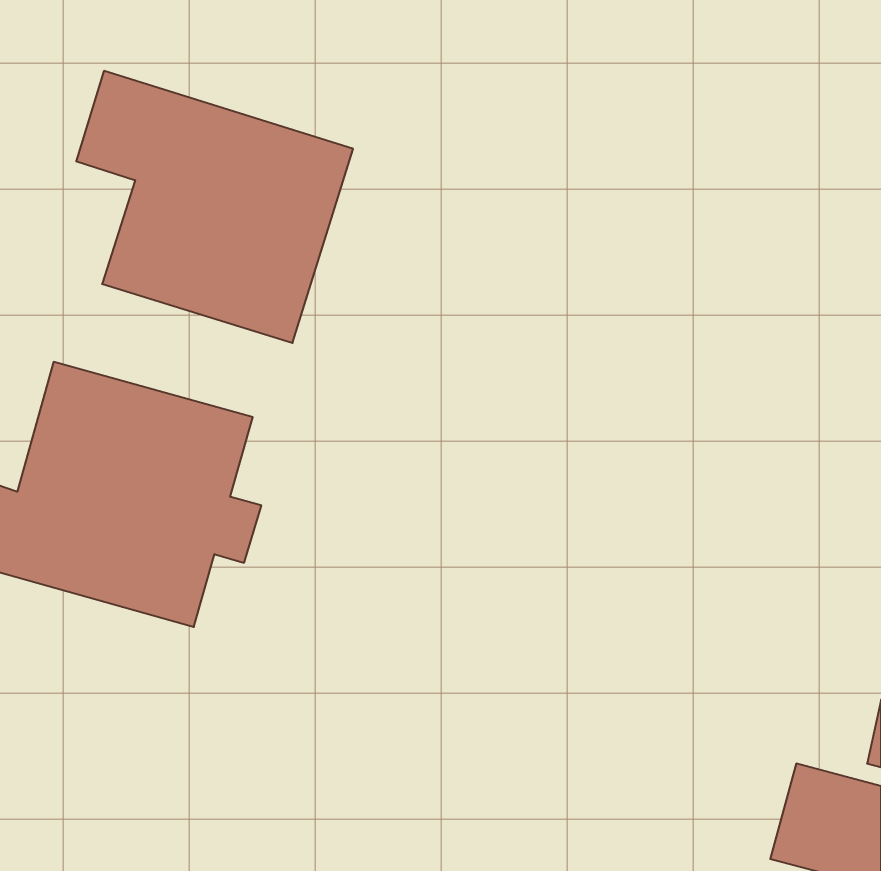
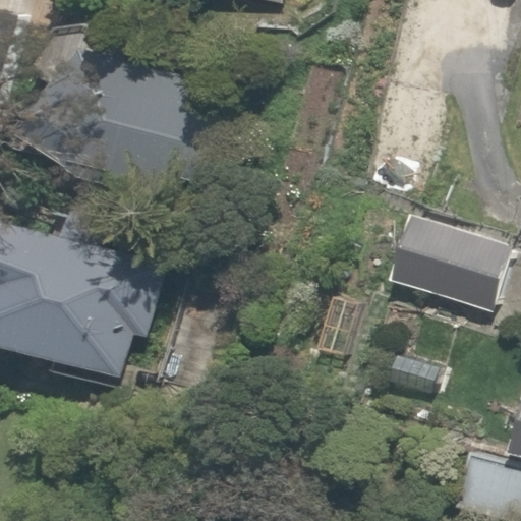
building: none -> [381,214,511,314]

